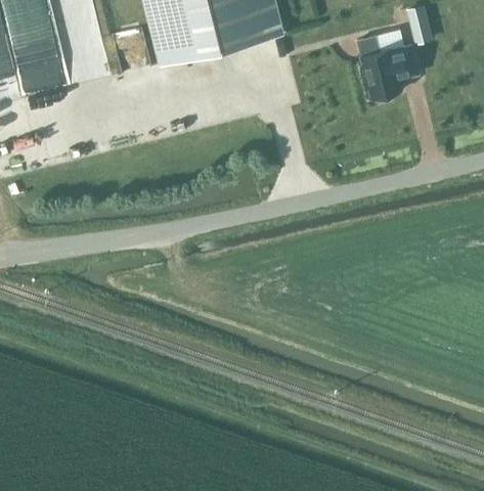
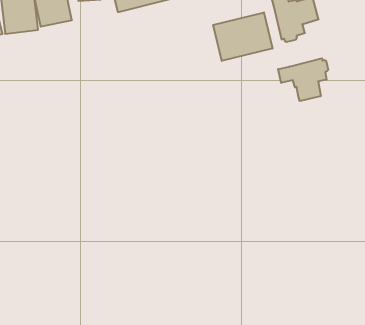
building: none -> [213,12,272,61]
building: none -> [278,58,328,101]

